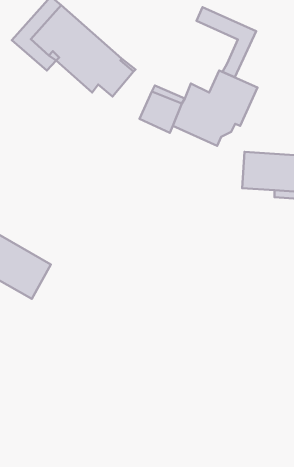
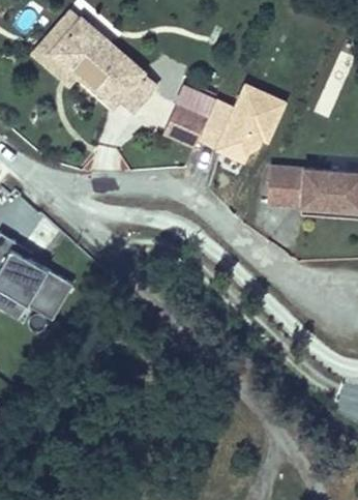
building: [197,7,256,77] -> none

